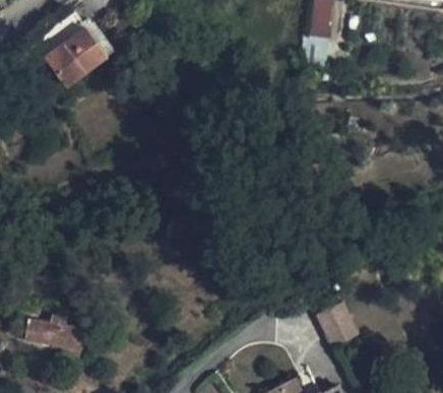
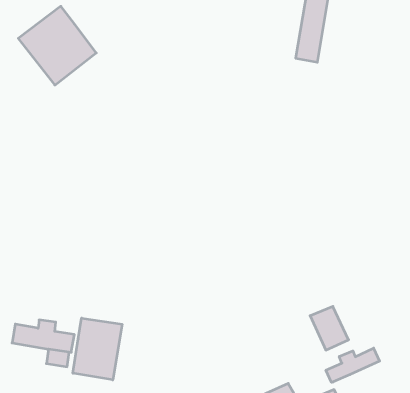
building: none -> [73,318,122,380]
building: none -> [326,348,380,382]

